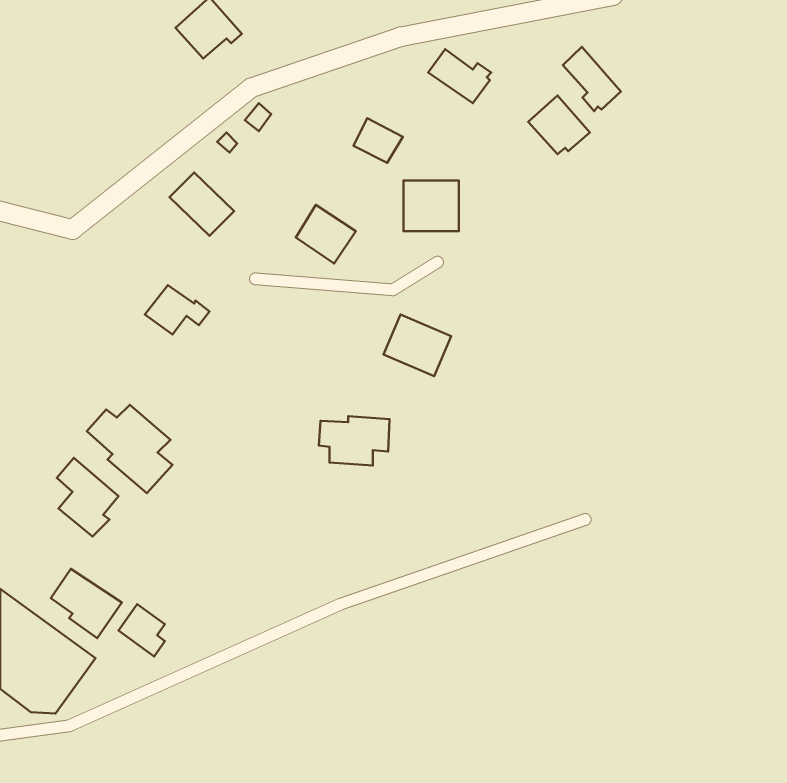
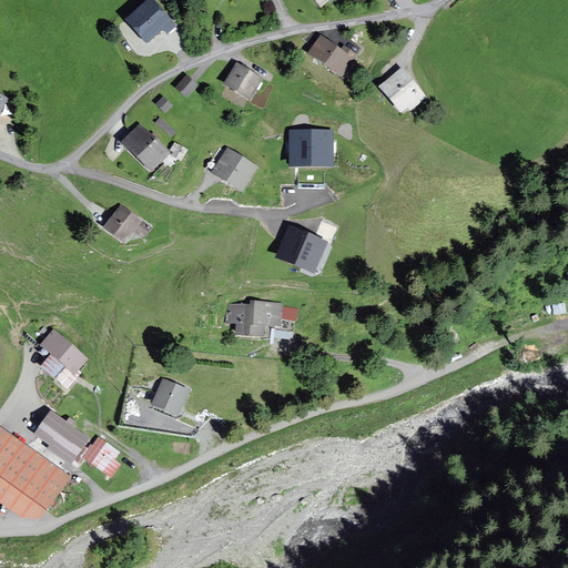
building: [563,47,621,111] -> none
building: [353,118,403,163] -> [225,63,261,95]
building: [87,405,172,493] -> none
building: none -> [153,379,187,415]

